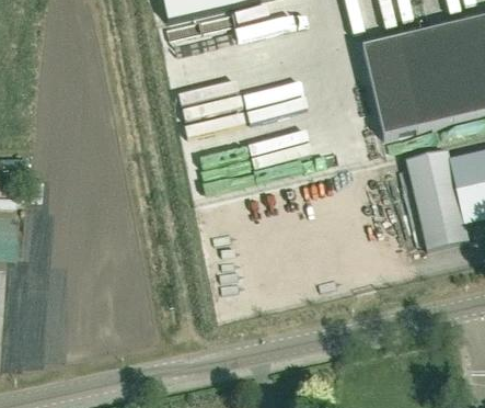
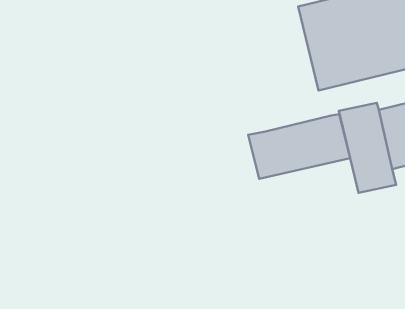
building: none -> [248,114,350,179]

